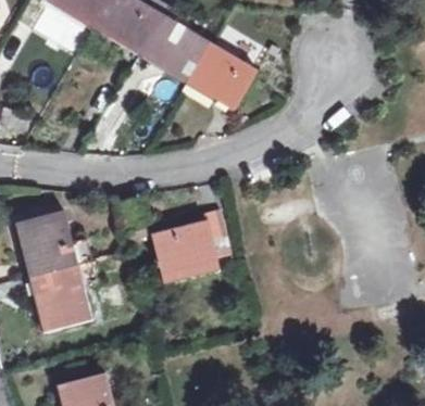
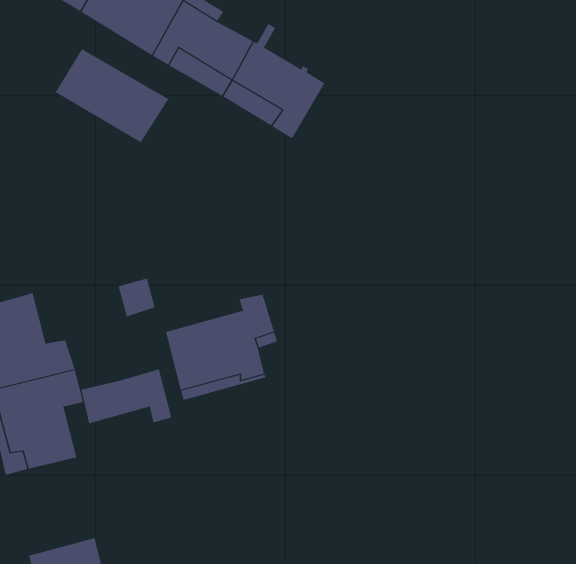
building: none -> [55,48,169,143]
building: none -> [81,368,172,424]

